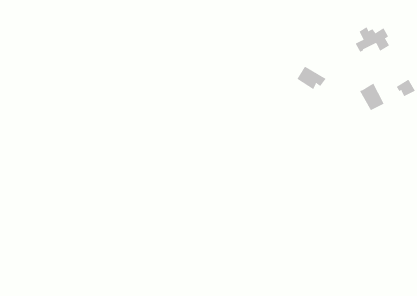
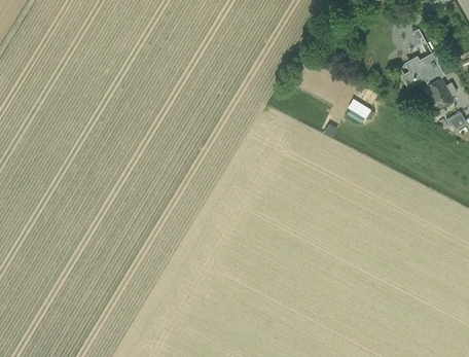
building: [359,83,384,111] -> [427,76,453,105]

